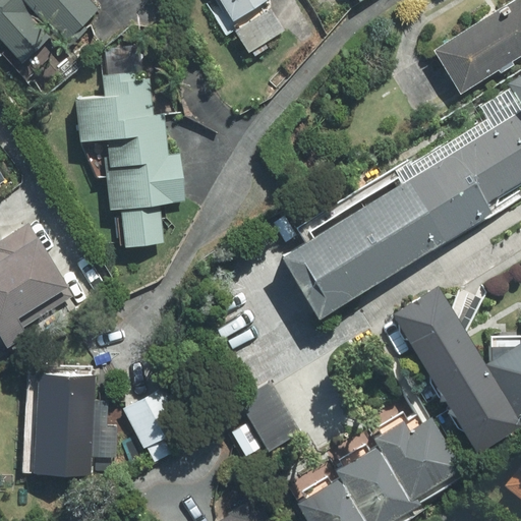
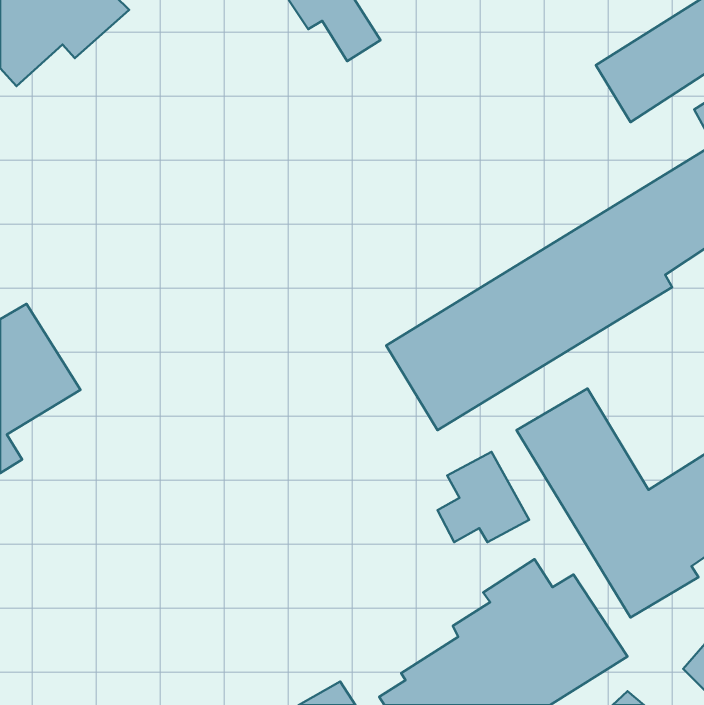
building: [73,74,182,248] -> none
building: [31,363,181,476] -> none
building: [232,385,299,451] -> [437,452,529,542]

